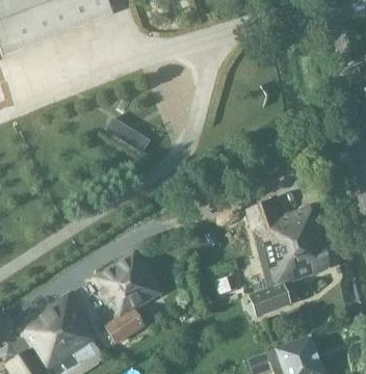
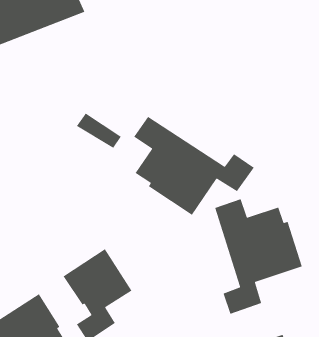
building: none -> [133,116,255,216]

